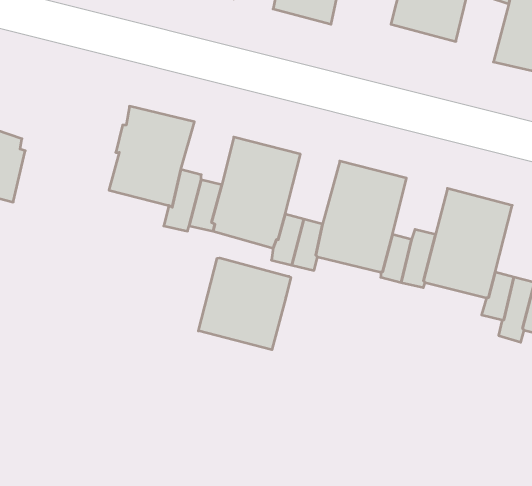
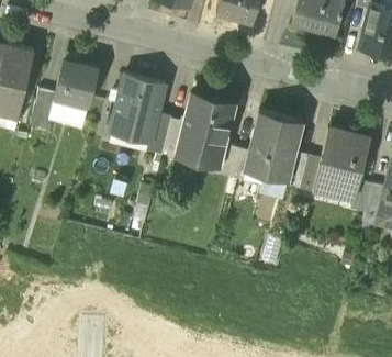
building: none -> [54,60,98,112]
building: [198,258,291,350] -> none

